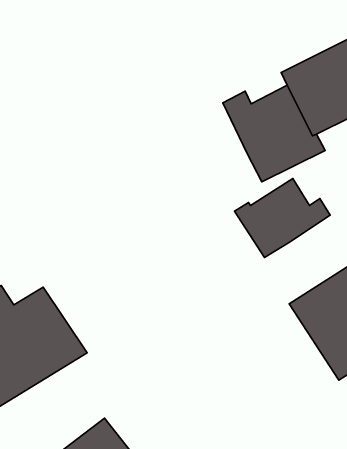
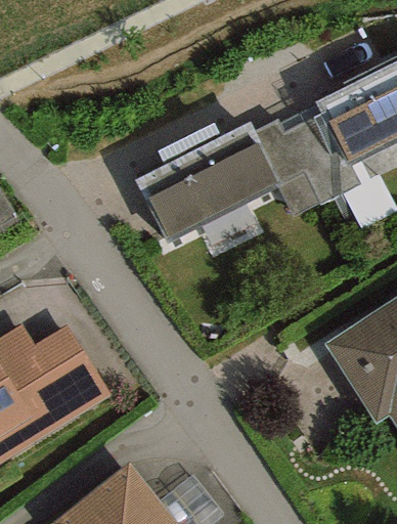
building: none -> [133,123,278,244]
building: [234,178,330,258] -> none

